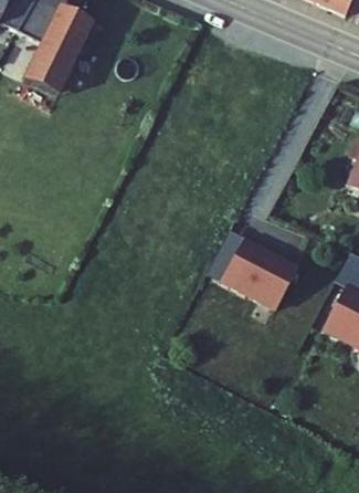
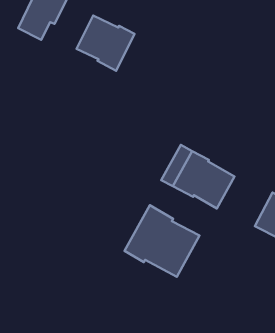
building: none -> [77,15,135,71]
building: none -> [125,205,199,277]

